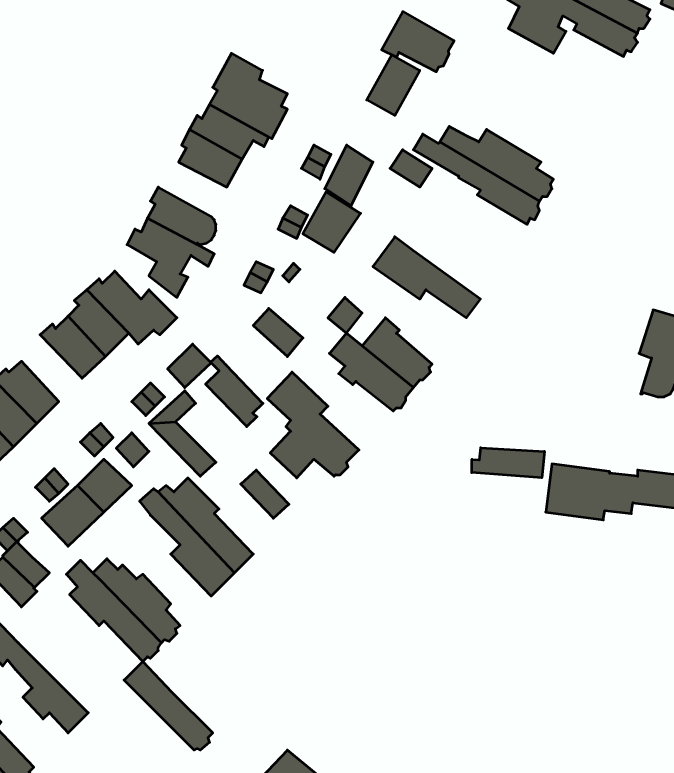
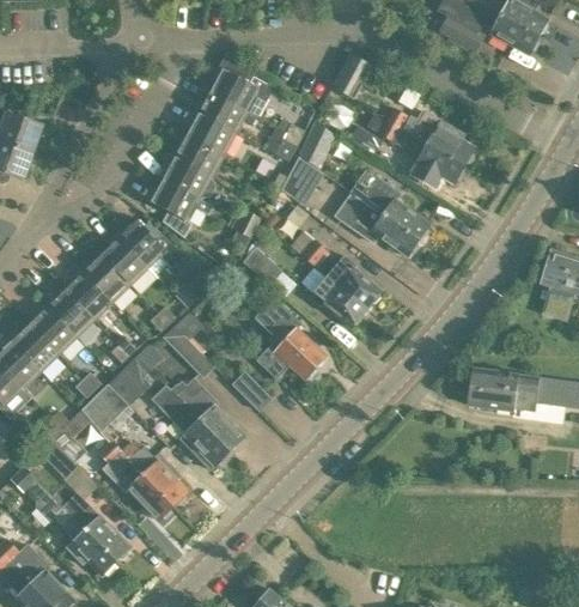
building: [382,12,454,72] -> none
building: none -> [170,135,223,177]
building: none -> [352,177,429,241]
building: none -> [65,268,111,320]
building: [206,356,263,427] -> none
building: [472,448,544,478] -> none
building: [124,661,213,750] -> [62,491,130,559]

